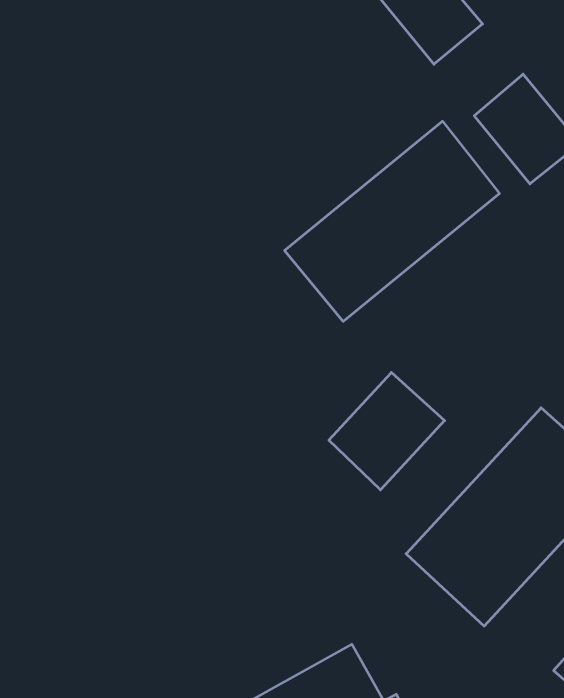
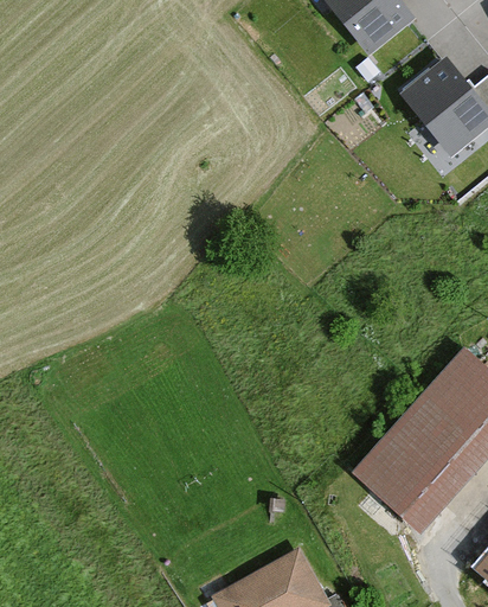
building: [285,121,499,321] -> none
building: [329,372,445,490] -> none

